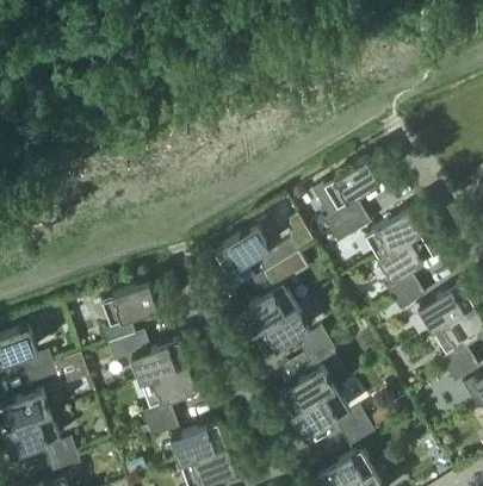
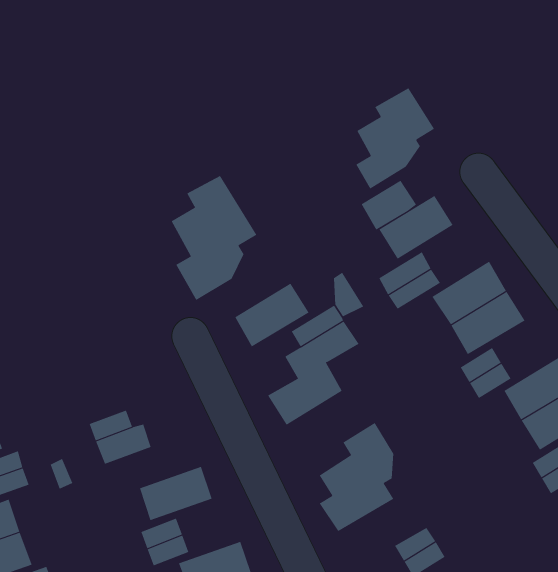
building: none -> [355,88,435,190]
building: none -> [171,175,257,301]
building: none -> [361,180,417,231]
building: [101,282,157,325] -> none
building: [253,307,310,356] -> none
building: [131,339,188,381] -> none
building: [292,390,348,437] -> none

